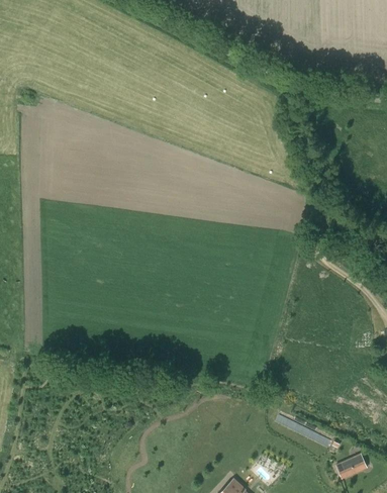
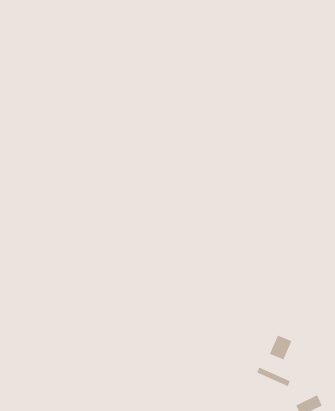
building: none -> [269,334,292,361]

